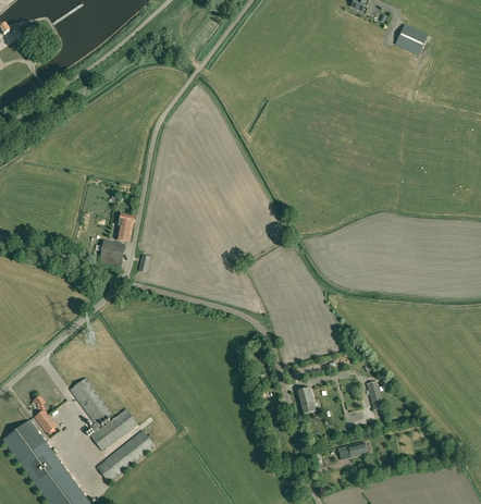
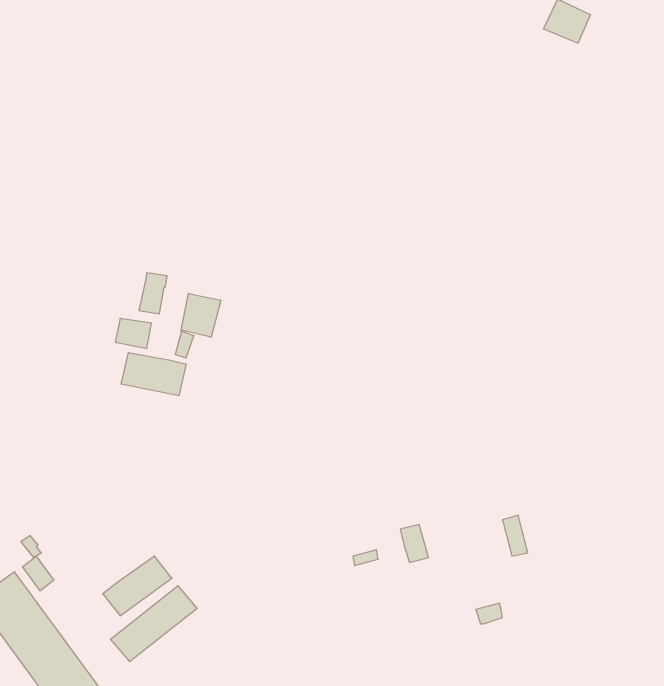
building: none -> [181,293,221,337]
building: none -> [121,352,186,396]
building: [71,377,112,432] -> none

